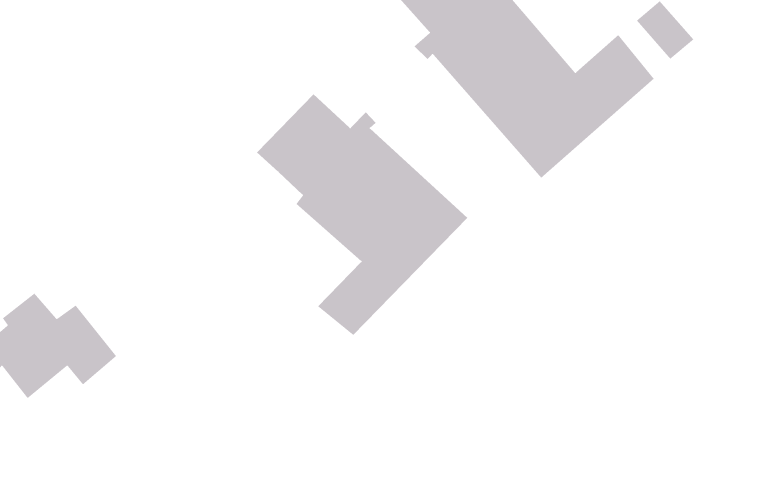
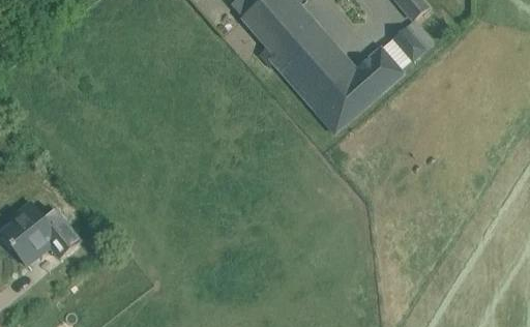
building: [256,93,468,336] -> none

